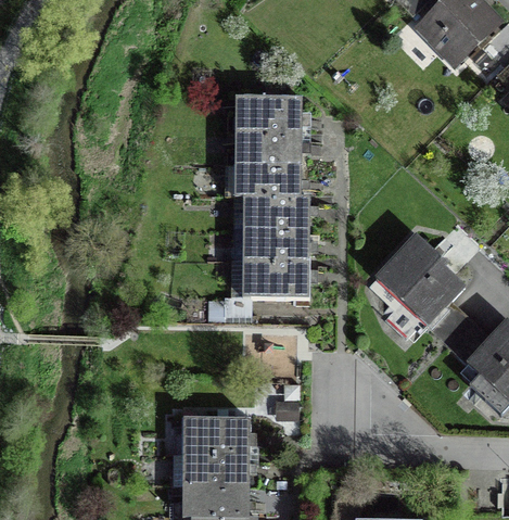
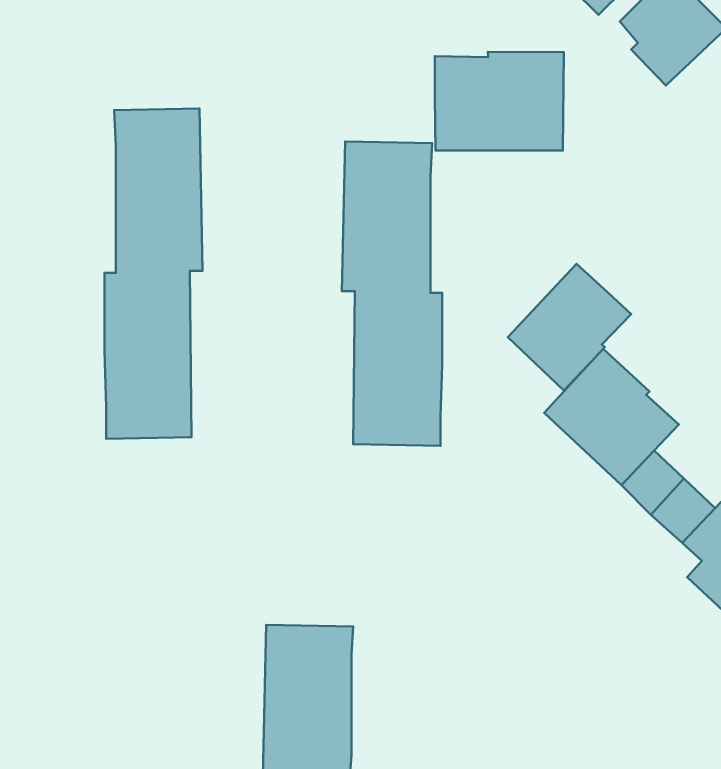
building: none -> [435,52,564,150]
building: none -> [104,109,203,439]
building: none -> [508,264,631,391]

